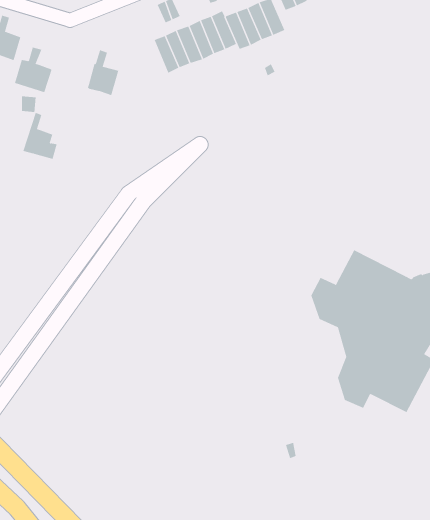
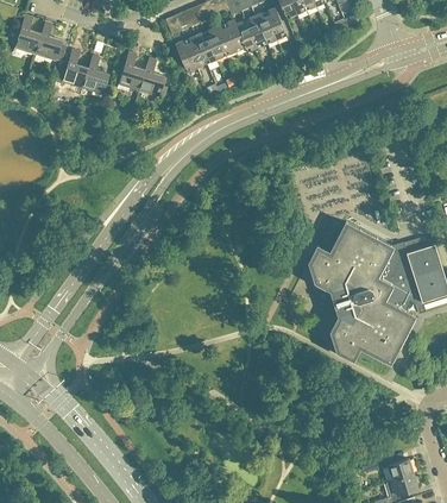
building: none -> [139,57,165,96]
building: [23,112,58,160] -> [82,55,112,95]

